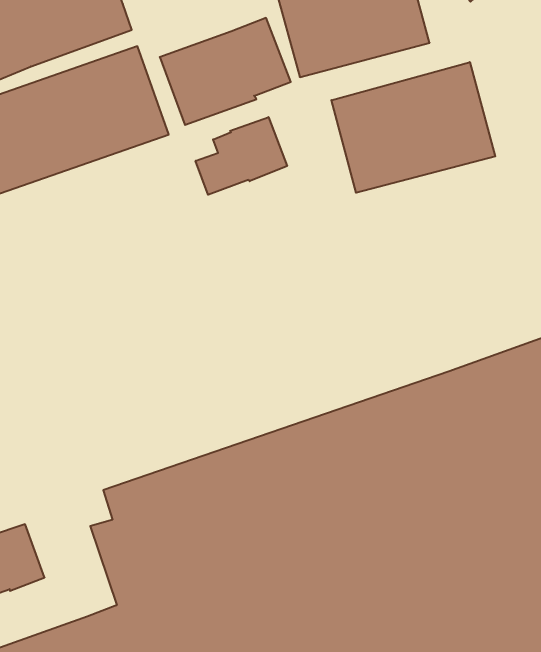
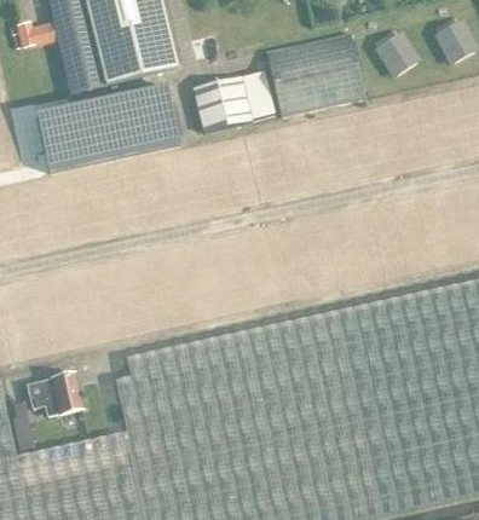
building: [331,62,495,193] -> none
building: [196,117,287,195] -> none

